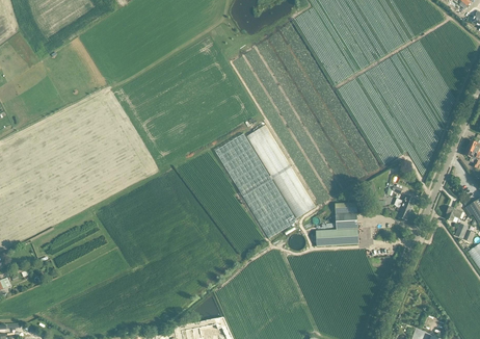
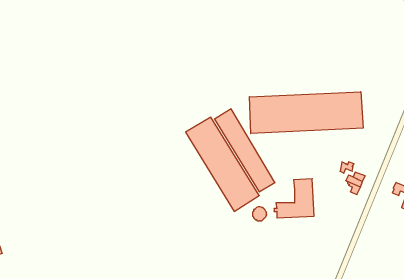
building: none -> [249,92,363,134]

